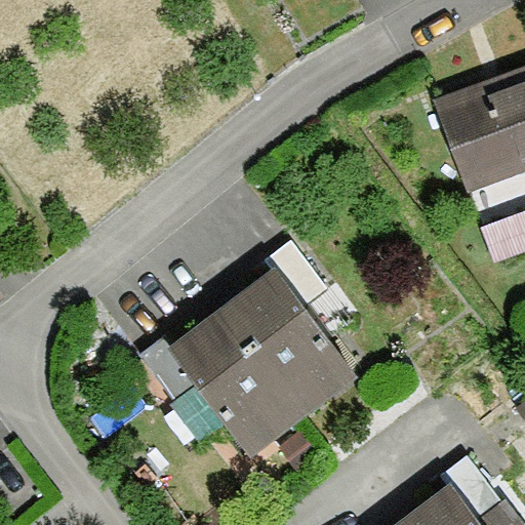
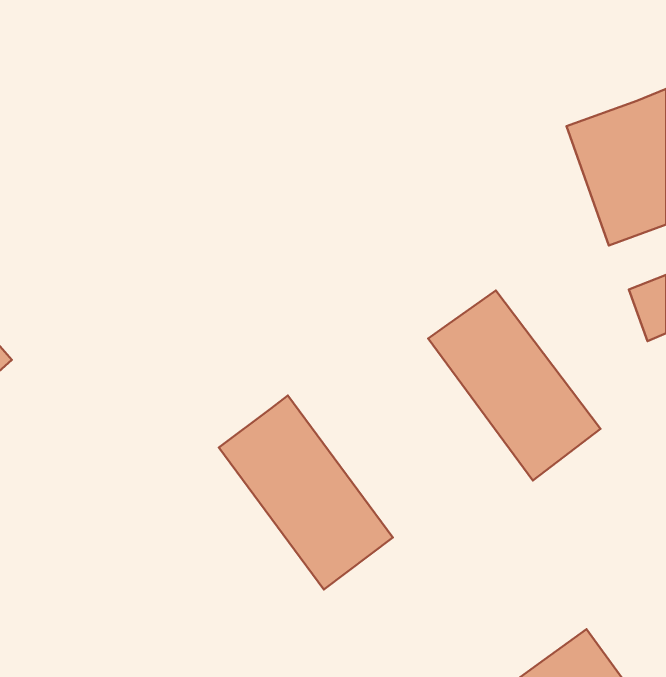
building: [223,270,356,416] -> [428,291,601,480]

